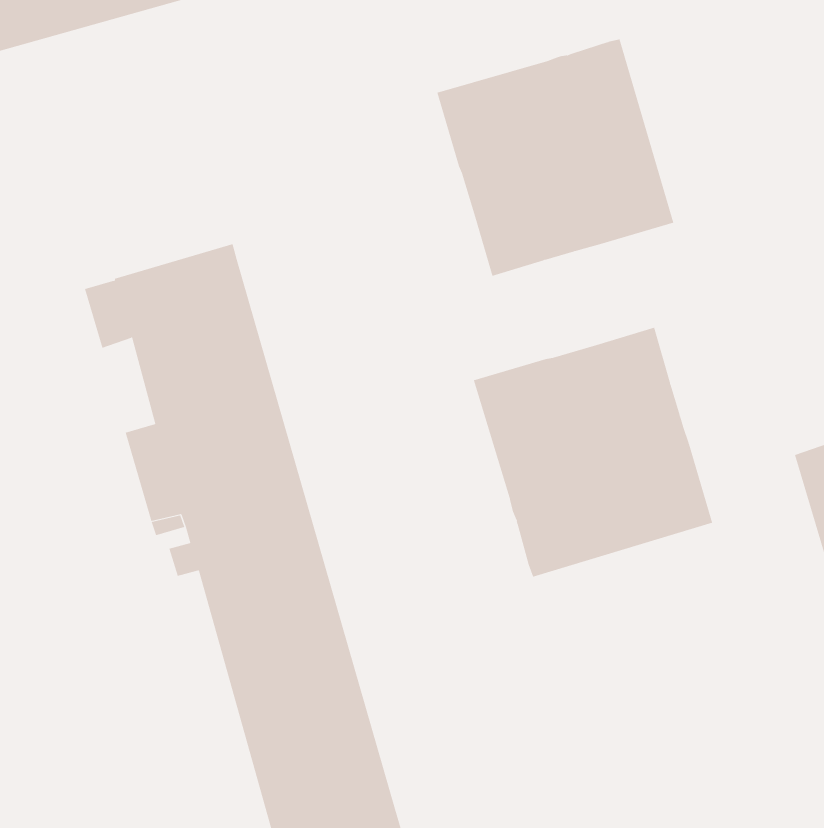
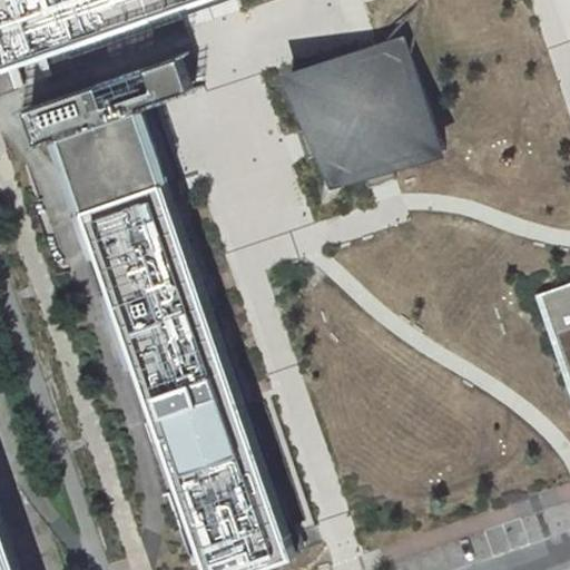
building: none -> [22,59,186,207]
building: [473,327,713,578] -> none

